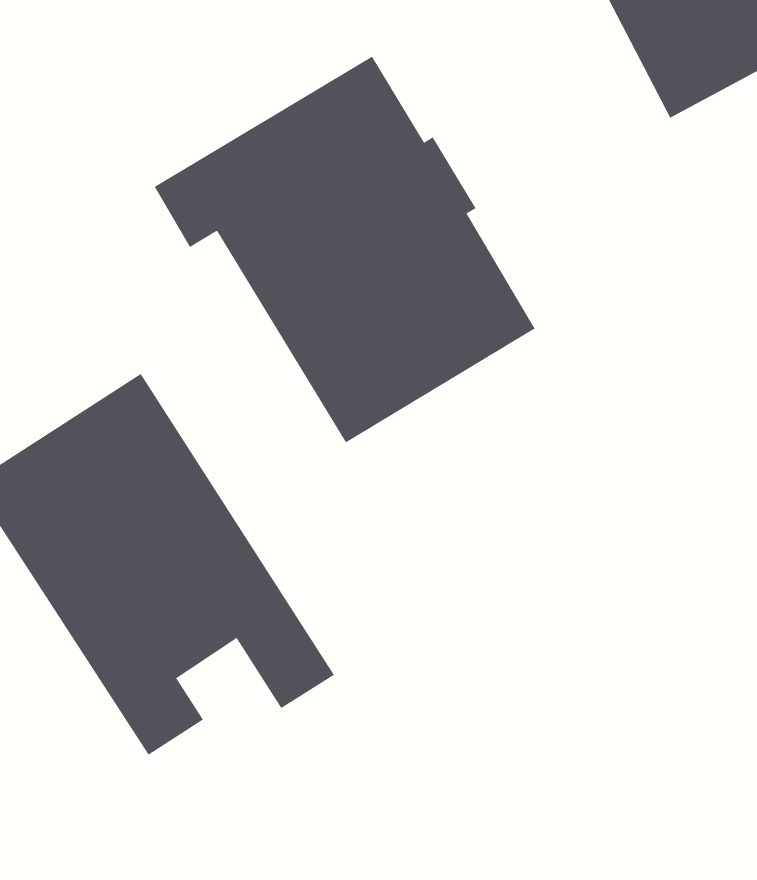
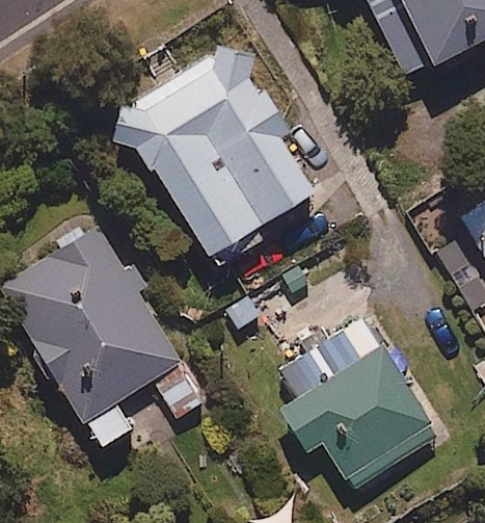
building: none -> [265,315,438,485]

